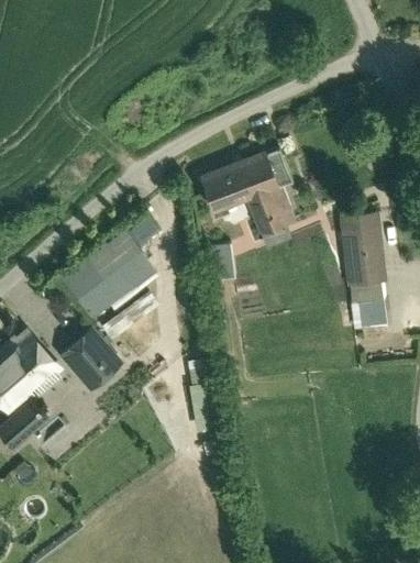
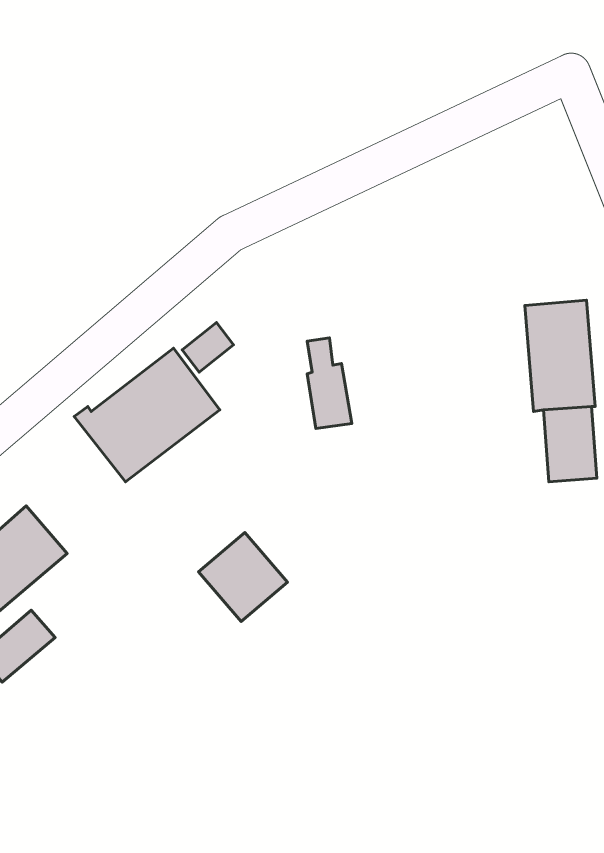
building: [197,151,291,239] -> none
building: [60,331,118,388] -> [198,533,288,622]

